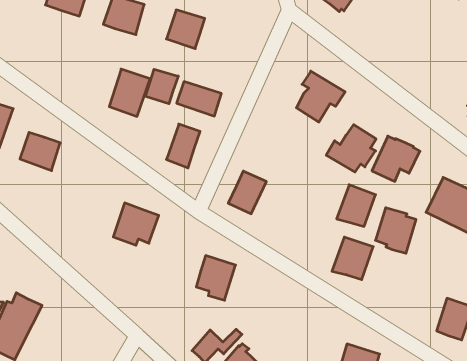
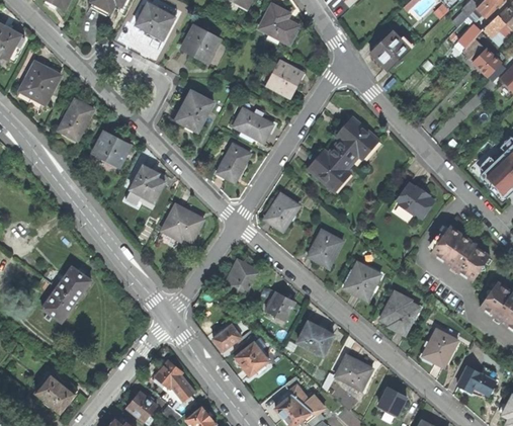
building: [166,10,205,49] -> [267,61,303,96]
building: [146,69,178,104] -> none
building: [326,125,376,172] -> [308,146,352,186]
building: none -> [132,165,165,200]
building: [337,185,376,226] -> [307,229,343,266]
building: [375,208,416,253] -> [381,290,419,332]
building: none -> [266,289,295,324]
building: none -> [298,320,335,354]

